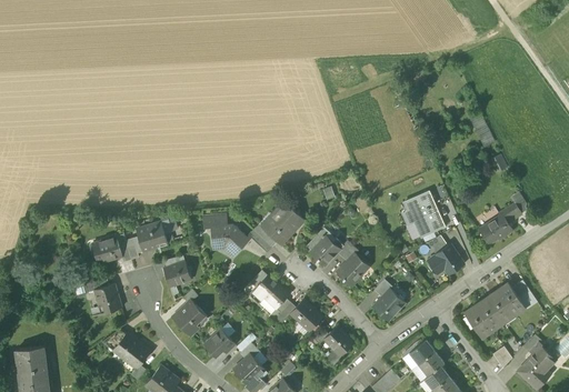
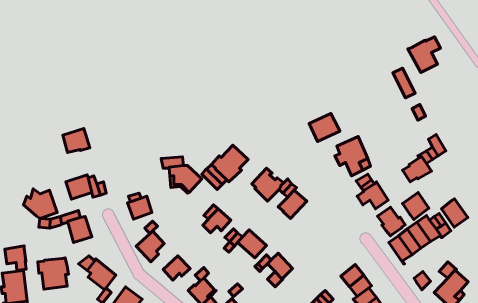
building: none -> [408,37,440,72]
building: none -> [309,114,340,142]
building: [136,221,167,249] -> [63,128,90,153]
building: none -> [24,189,57,218]
building: none -> [402,192,429,220]
building: none -> [441,199,468,227]
building: none -> [378,207,405,236]
building: [372,288,403,320] -> none
building: none -> [5,246,26,270]
building: none -> [38,258,68,289]

